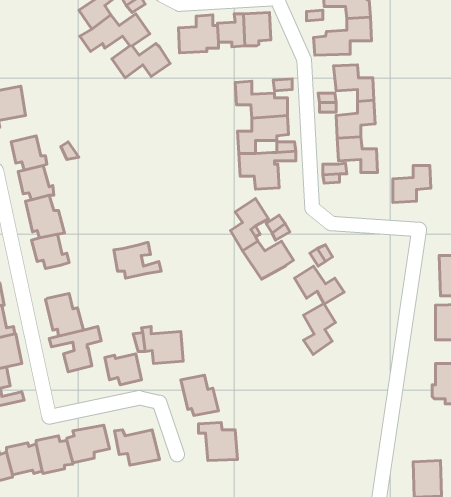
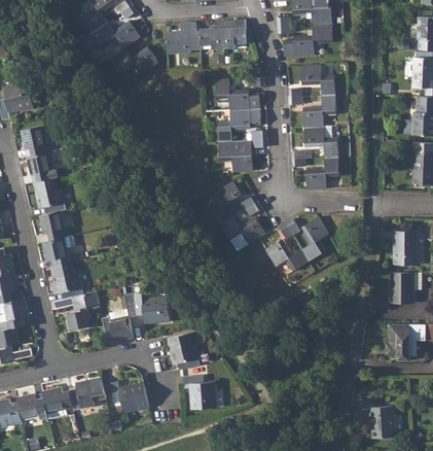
building: [393,166,431,202] -> [306,158,339,189]
building: [114,243,161,278] -> [42,236,83,267]
building: [304,303,336,354] -> [301,217,329,262]

